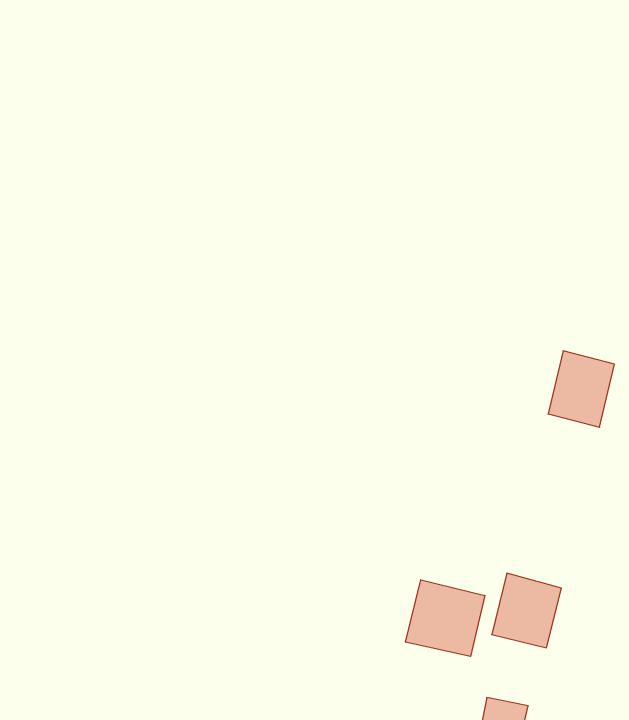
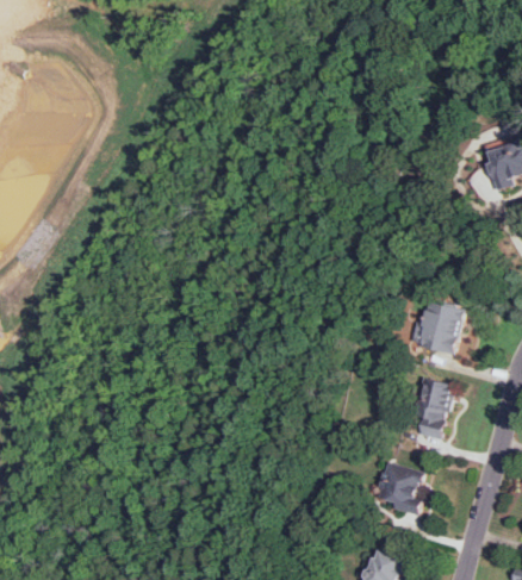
building: none -> [410,378,452,441]
building: [406,580,485,656] -> none

